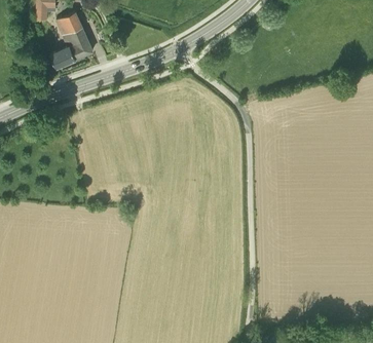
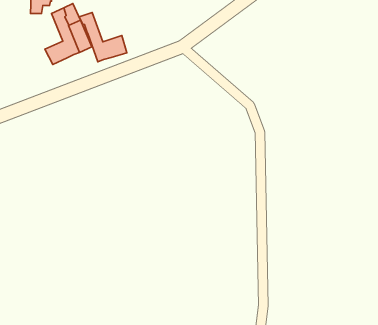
building: none -> [79,13,127,62]

